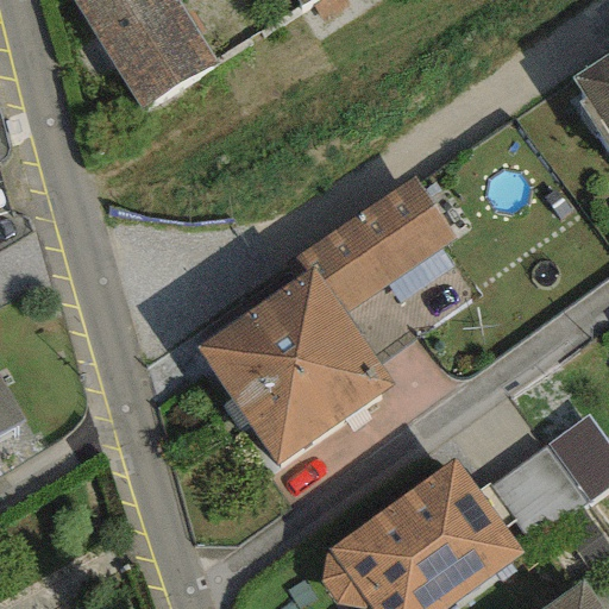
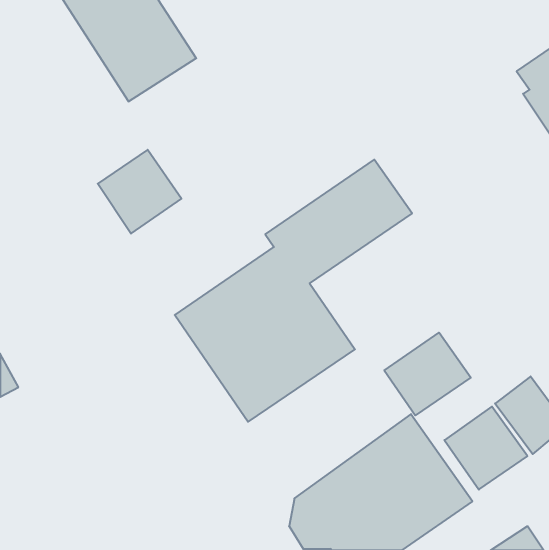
building: none -> [98,150,181,234]
building: none -> [384,333,471,415]

